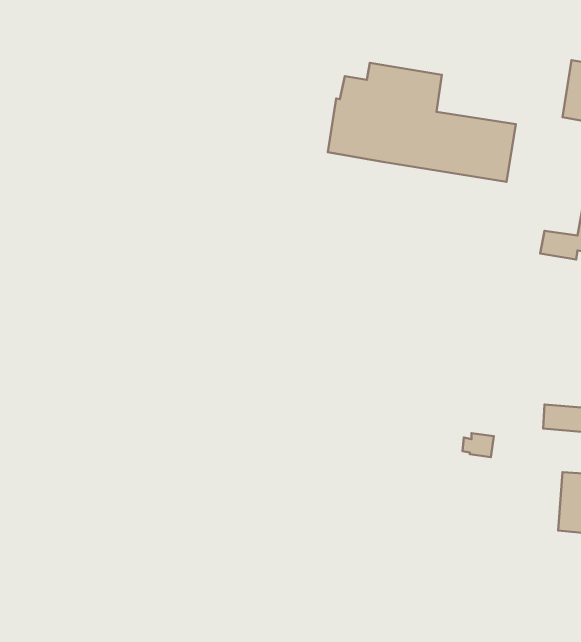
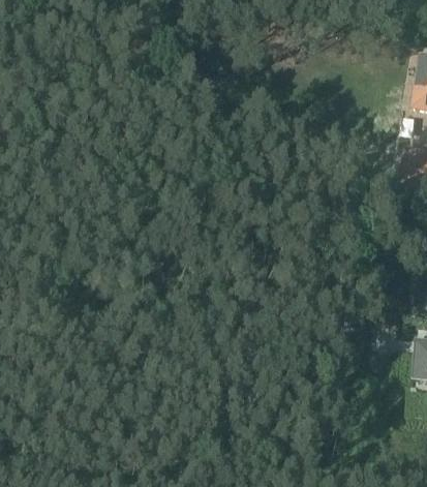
building: [328,63,516,182] -> none

